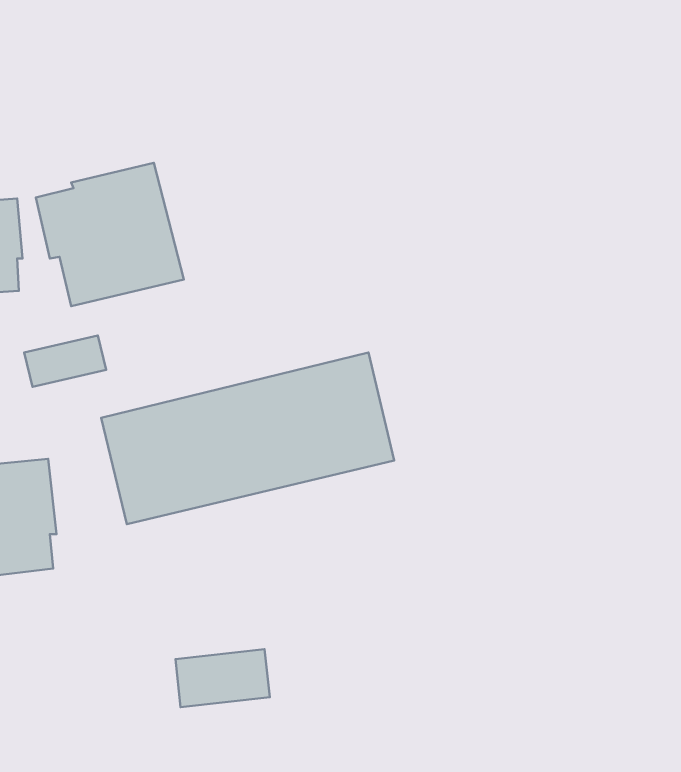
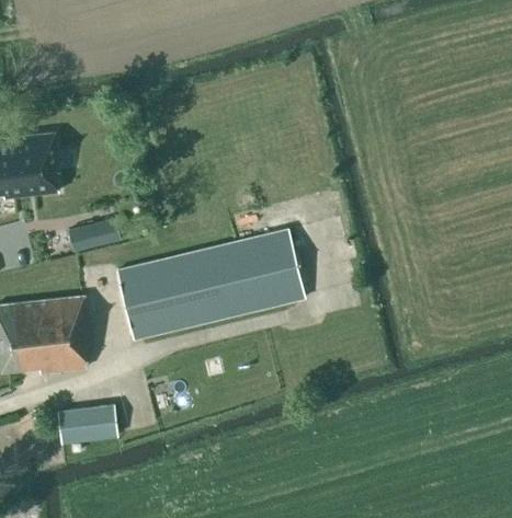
building: [36,163,184,306] -> none
building: [175,649,270,707] -> [57,405,117,442]

